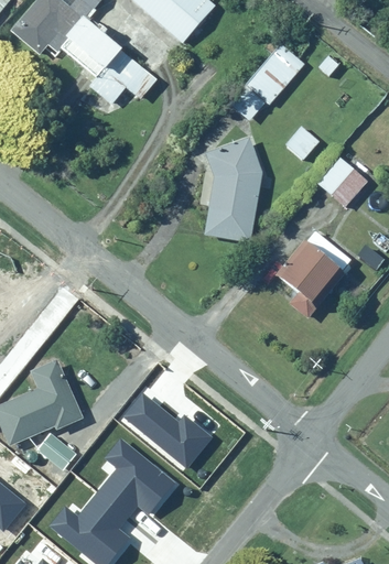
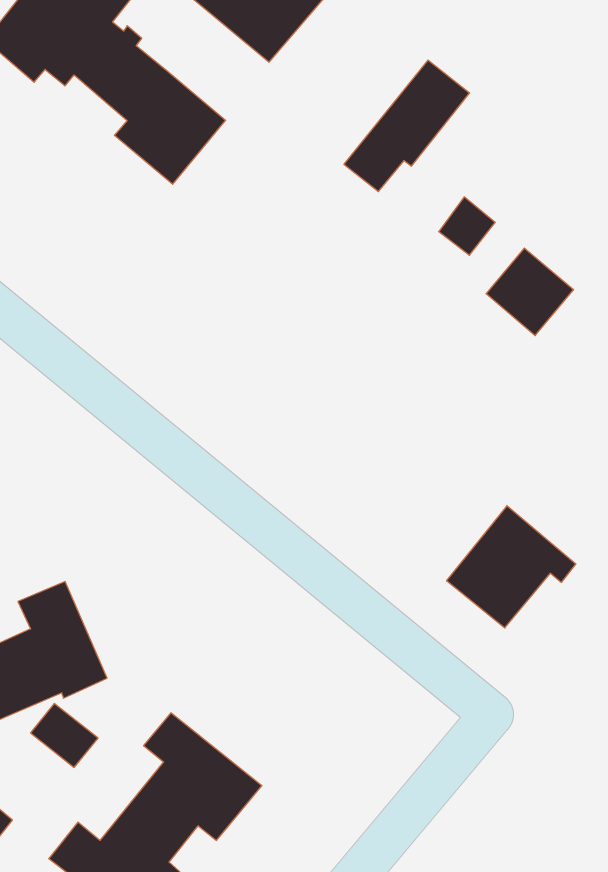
building: [202,138,261,240] -> none
building: [270,226,348,300] -> [447,506,576,628]
building: [122,390,214,468] -> none

